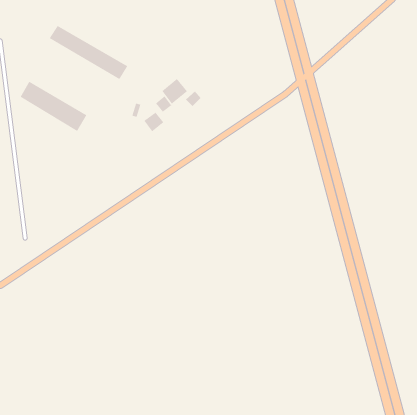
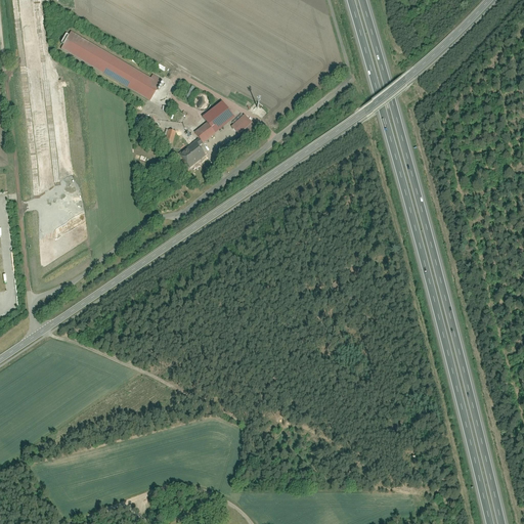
building: [20,81,87,132] -> none

